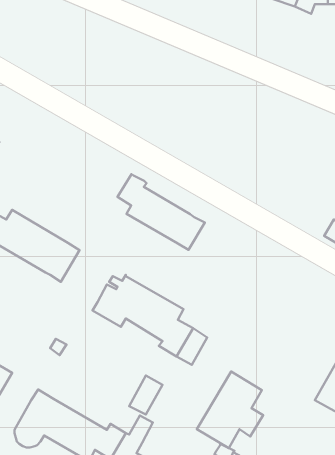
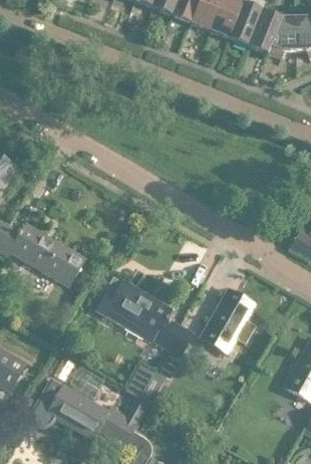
building: [118,174,205,250] -> none
building: [197,371,263,448] -> [200,287,256,353]

